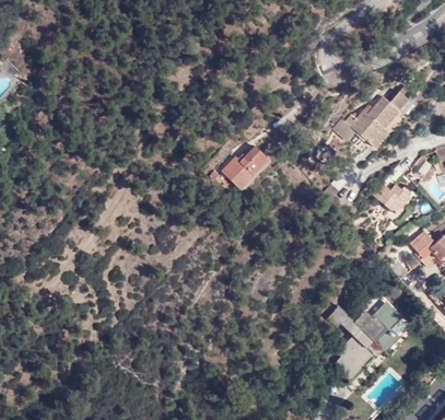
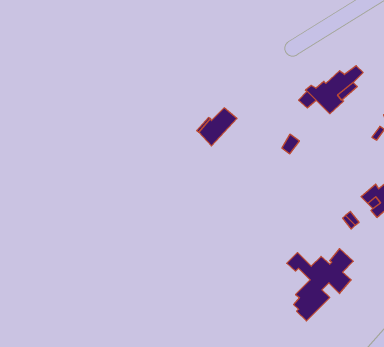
building: [374,184,411,212] -> none

